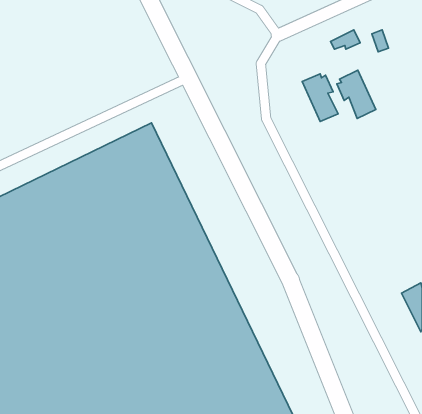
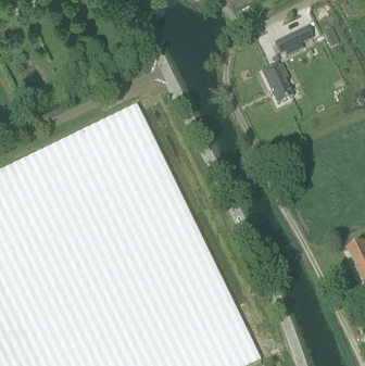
building: [337,70,376,118] -> none

